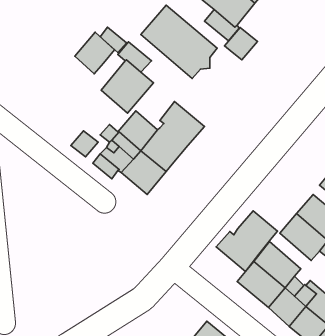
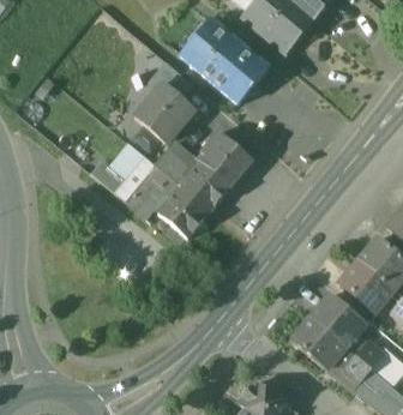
building: [224,27,258,60] -> none
building: [75,32,115,74] -> none
building: [216,211,278,271] -> none

